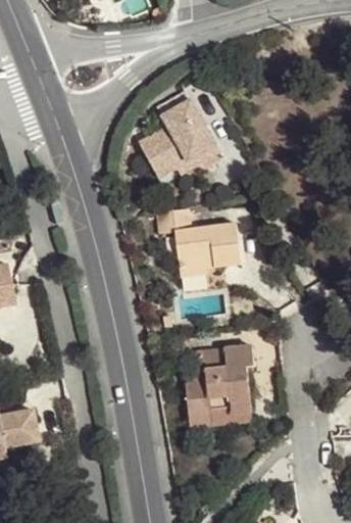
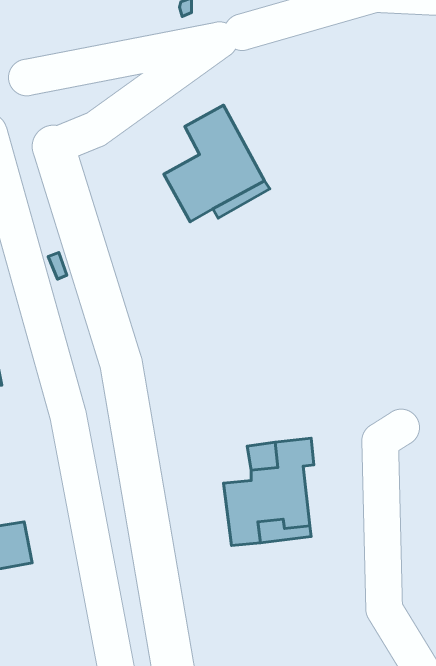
building: [158,208,240,277] -> none

